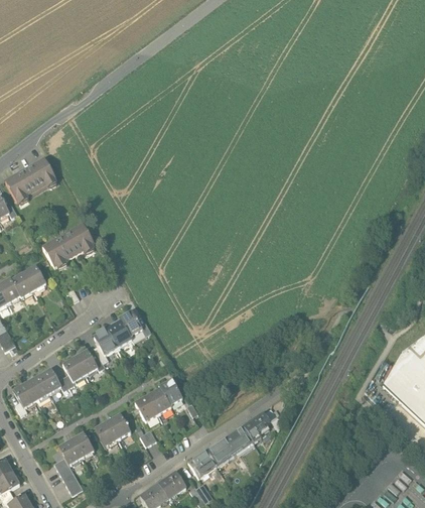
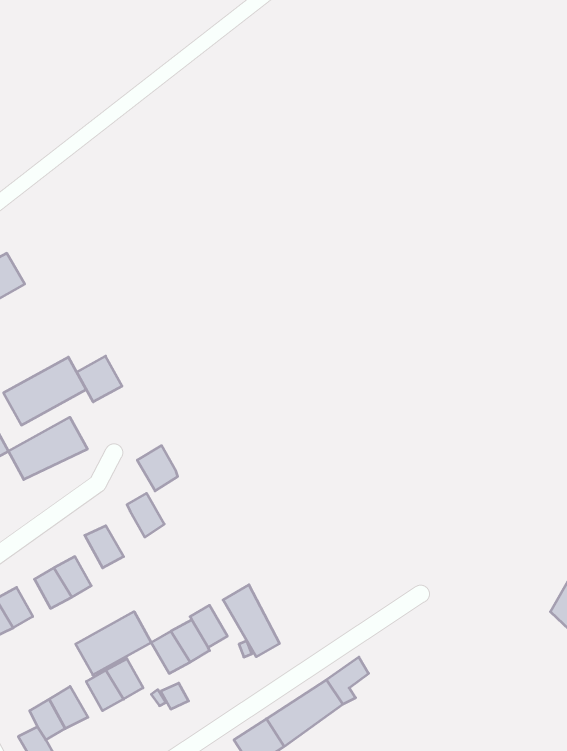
building: none -> [77,356,122,402]
building: none -> [8,417,87,480]
building: [107,321,132,349] -> [137,446,178,491]
building: none -> [223,585,279,657]
building: none -> [76,612,151,675]

